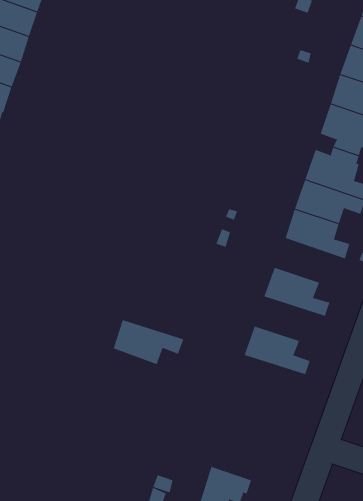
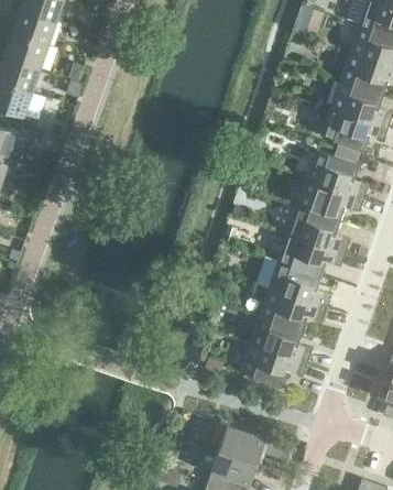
building: none -> [277,233,345,275]
building: none -> [259,288,326,330]
building: [113,319,184,365] -> [240,344,307,386]
building: none -> [218,425,291,461]

